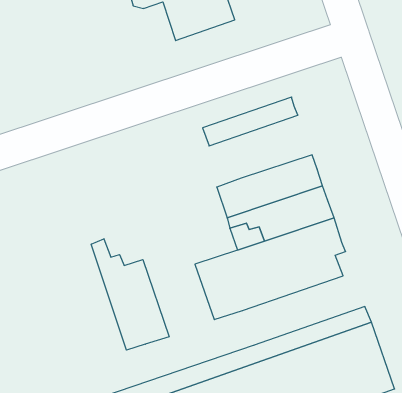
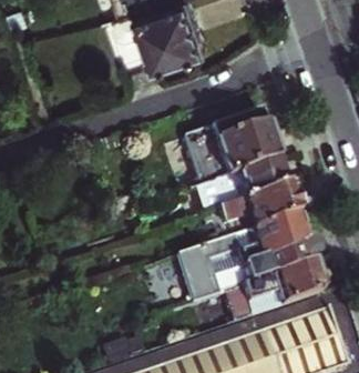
building: none -> [192,129,280,183]
building: [91,239,169,350] -> none
building: none -> [220,265,326,327]

